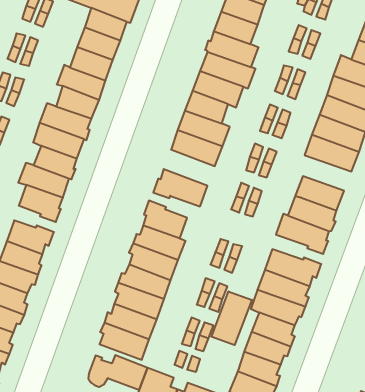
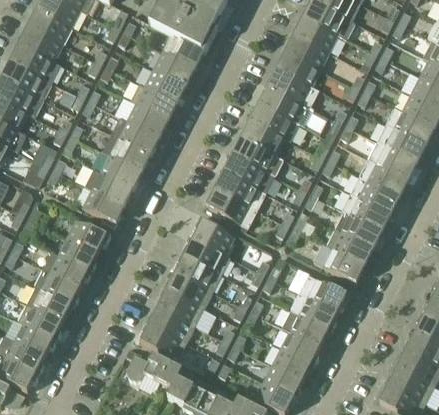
building: none -> [218,172,265,209]
building: none -> [340,192,389,229]
building: [211,291,252,345] -> none

